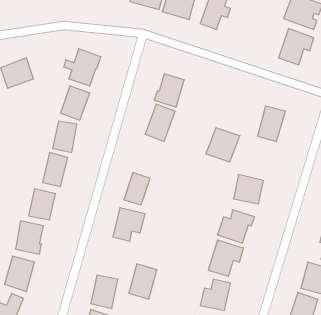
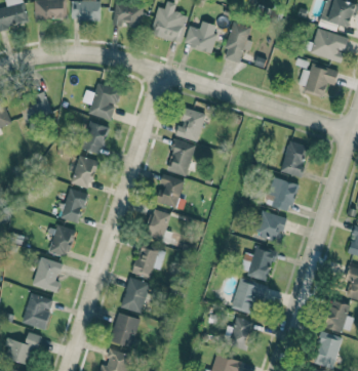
building: [206,128,240,162] -> [265,177,300,212]
building: none -> [157,174,186,208]
building: [129,264,157,299] -> [121,278,150,314]

